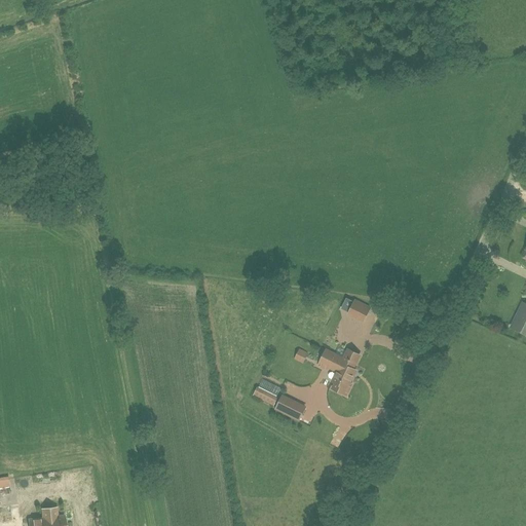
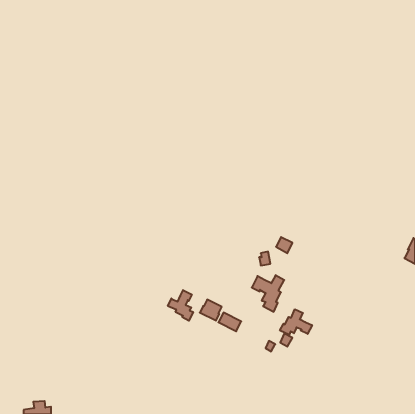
building: none -> [168,290,193,321]
building: none -> [280,309,312,335]

